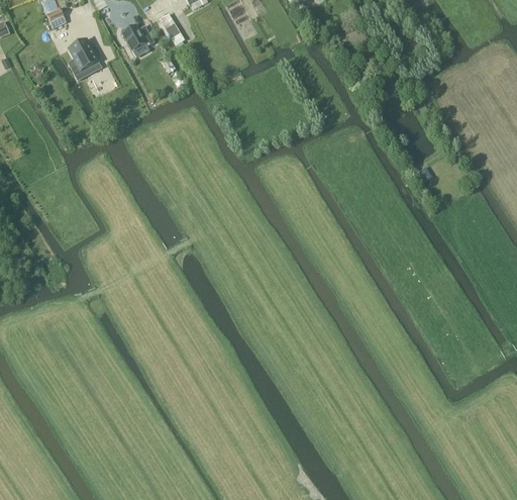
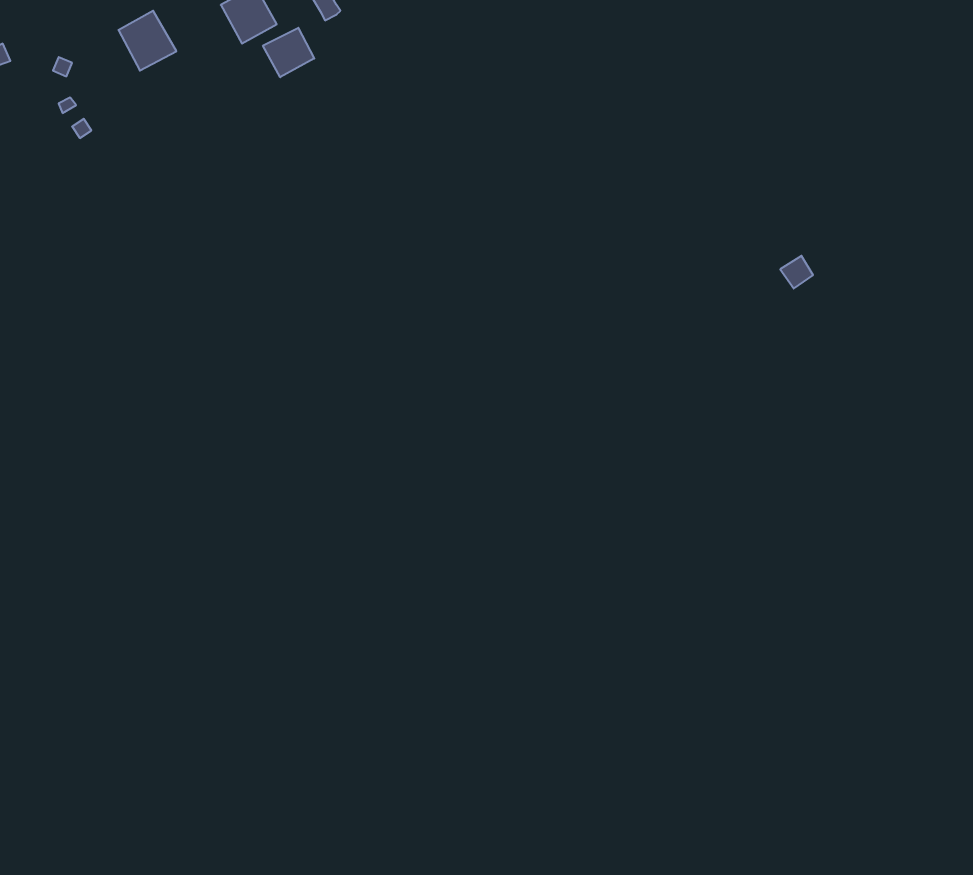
building: none -> [263,28,314,77]

